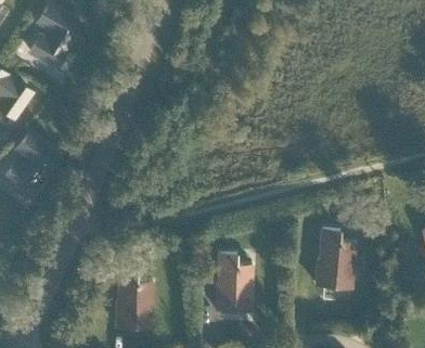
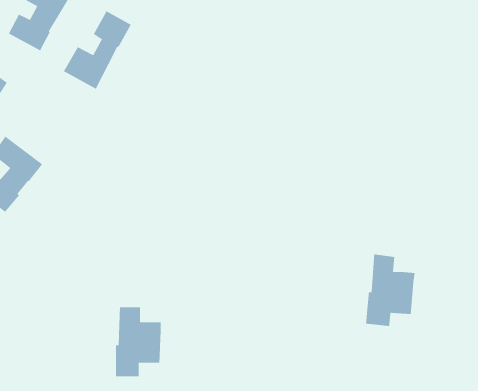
building: none -> [63,10,132,90]
building: [215,254,253,310] -> none

